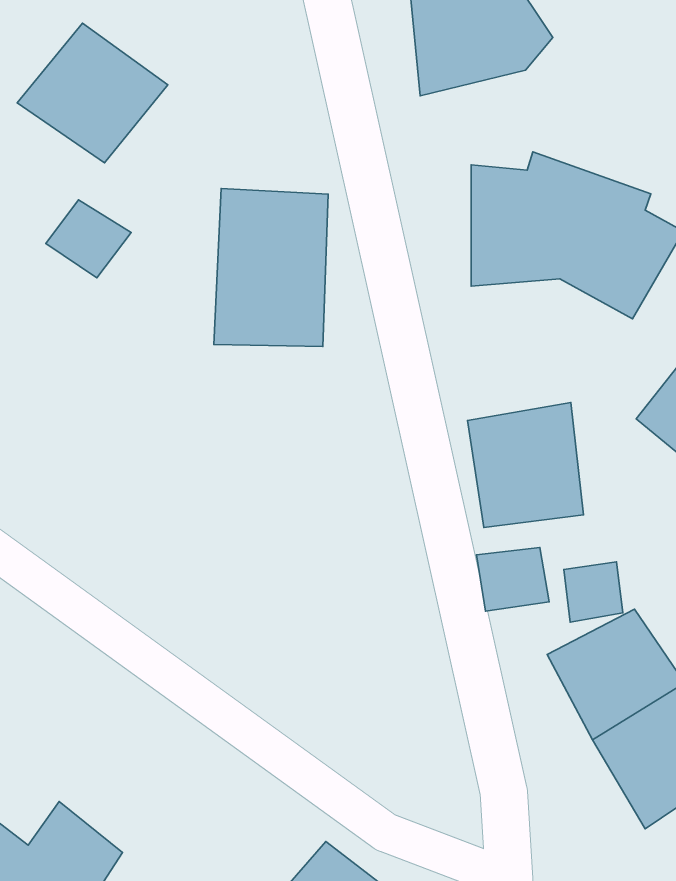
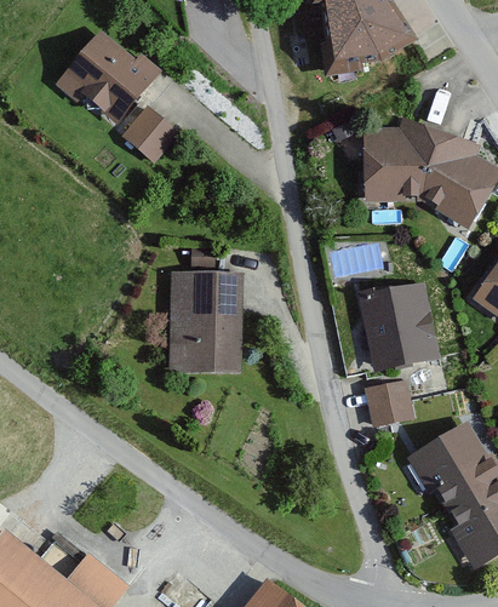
building: [214,189,328,346] -> [167,270,244,376]
building: [46,200,131,278] -> [125,107,182,159]
building: [564,562,623,622] -> none

